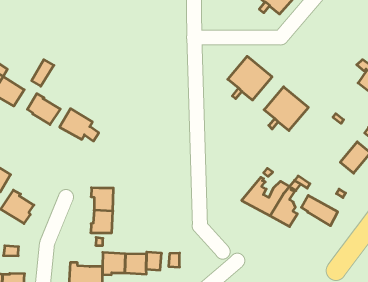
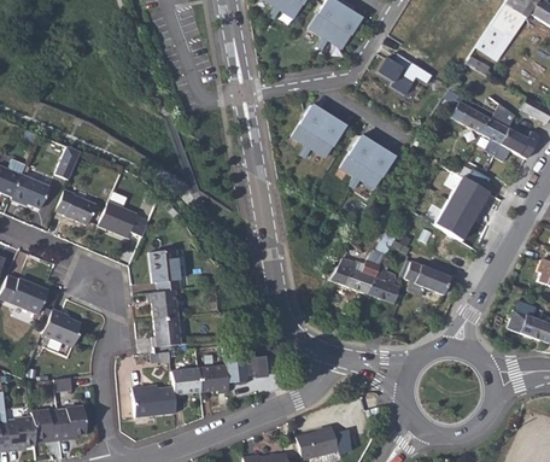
building: none -> [378,52,417,95]
building: none -> [151,248,180,291]

